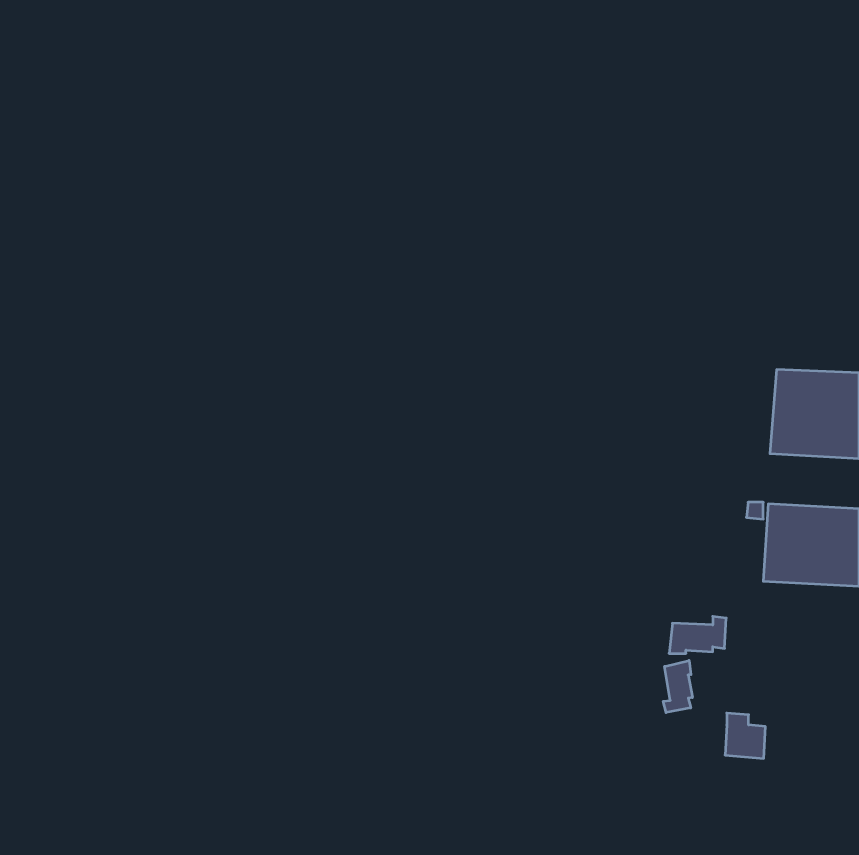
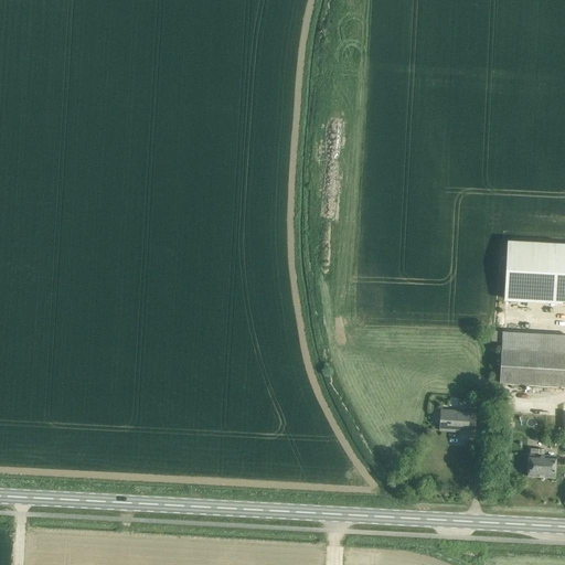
building: [663,660,692,713] -> none
building: [725,713,765,758] -> [529,447,555,477]

